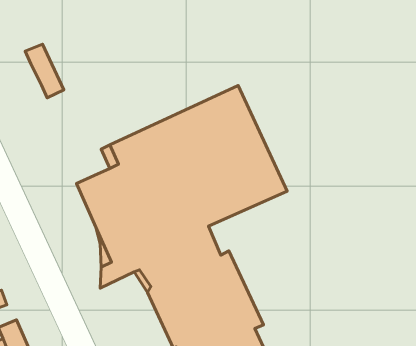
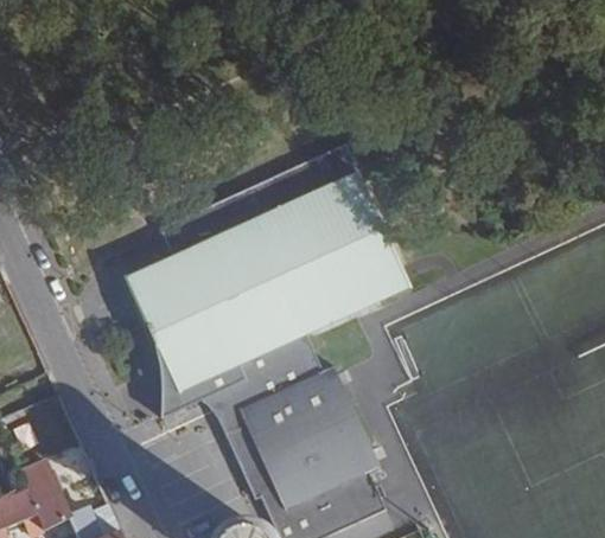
building: [25,44,64,98] -> none

